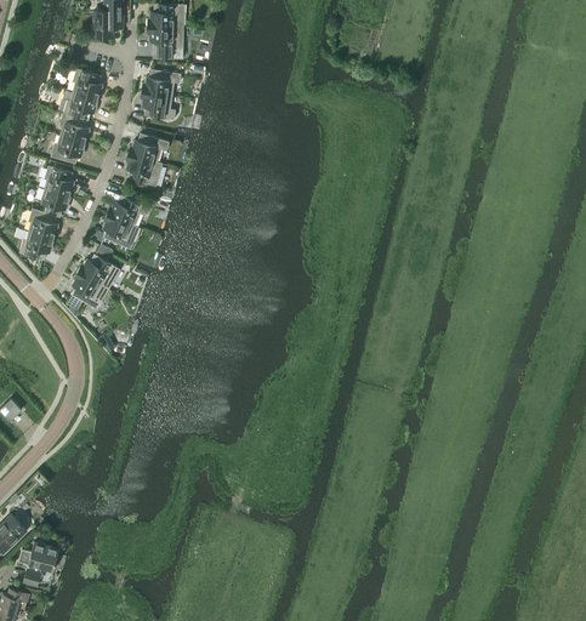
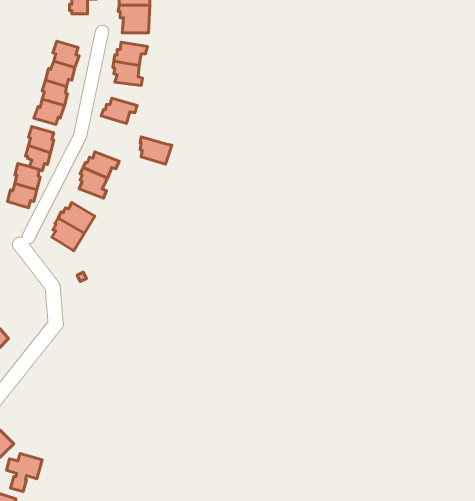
building: [126,154,163,186] -> [140,137,172,164]

